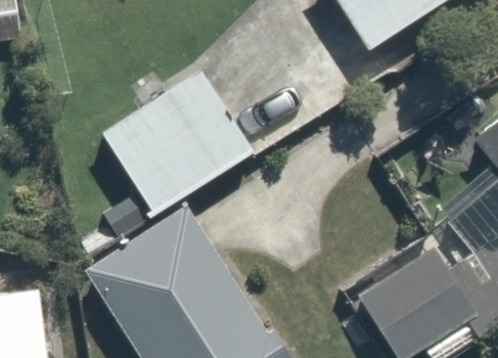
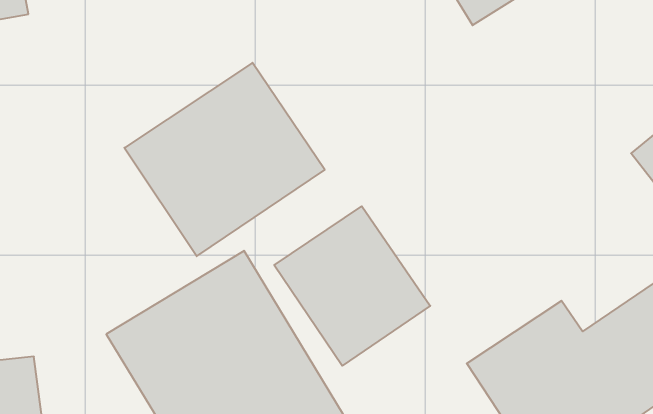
building: none -> [274,206,430,366]

